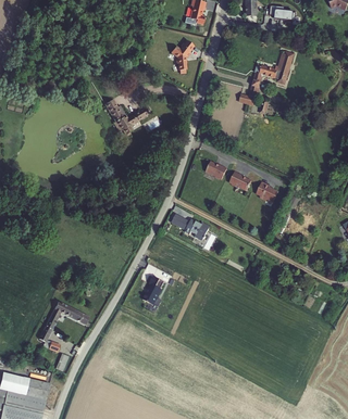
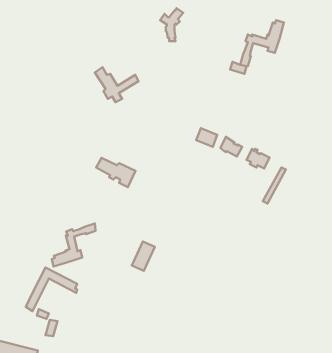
building: [170,213,209,242] -> [96,158,135,187]
building: none -> [52,224,96,266]

